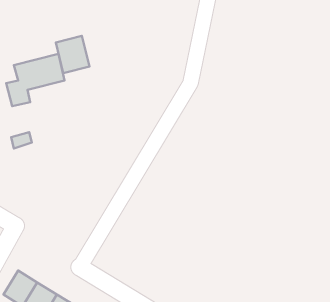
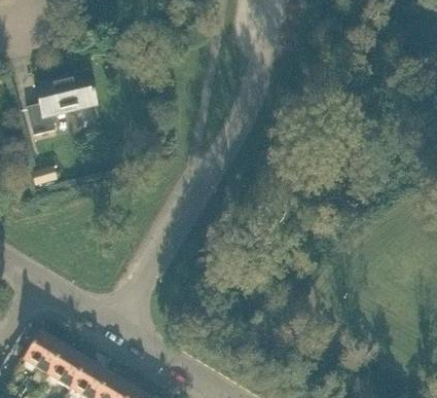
building: [56,36,89,73] -> none

